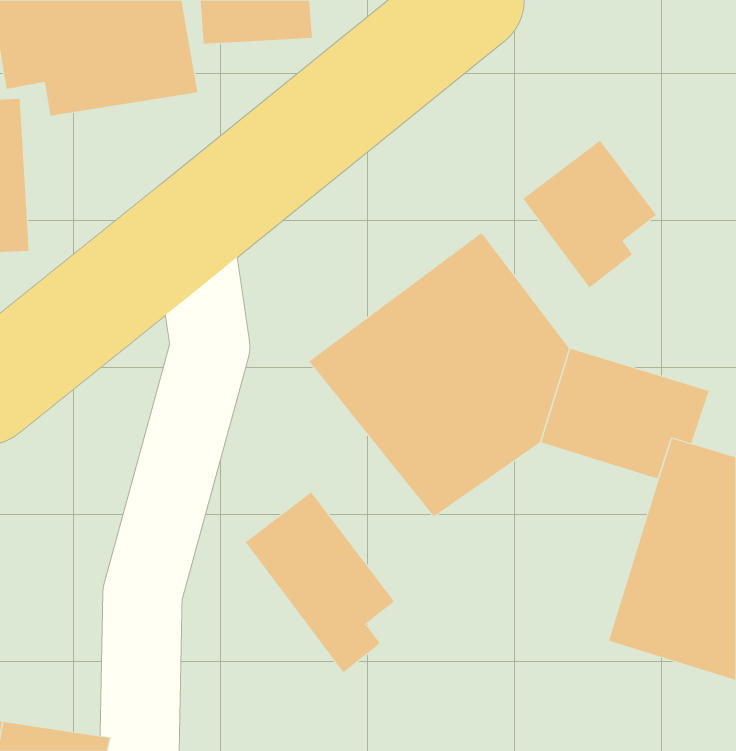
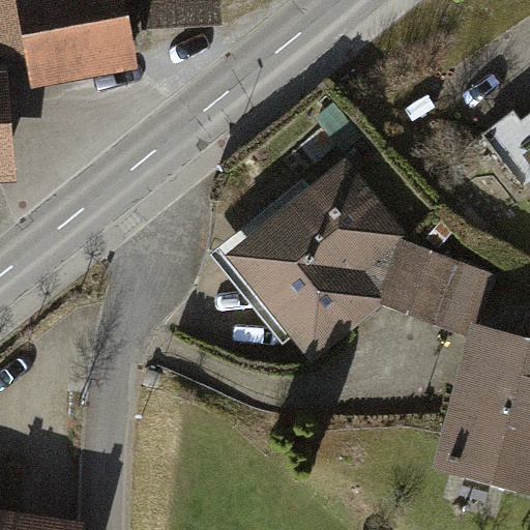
building: [523,140,657,288] -> none
building: [245,491,395,673] -> none

